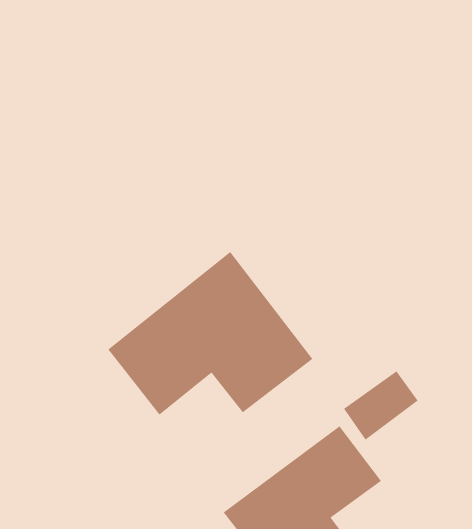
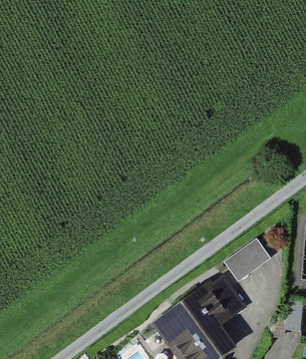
building: [108,251,313,416] -> none

